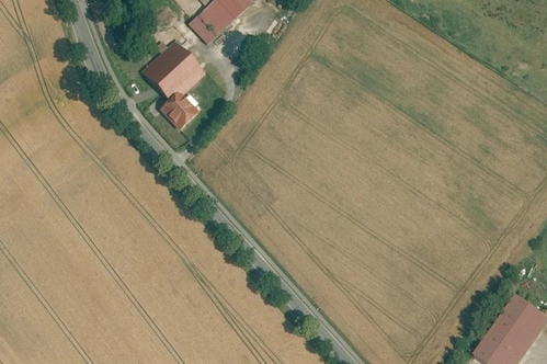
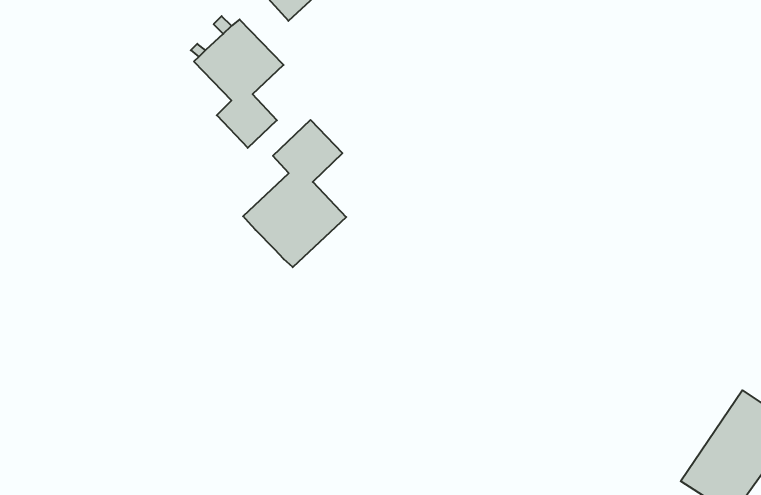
building: none -> [243,120,346,267]

